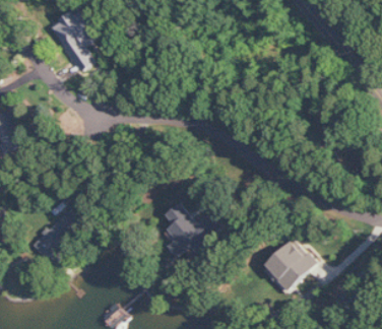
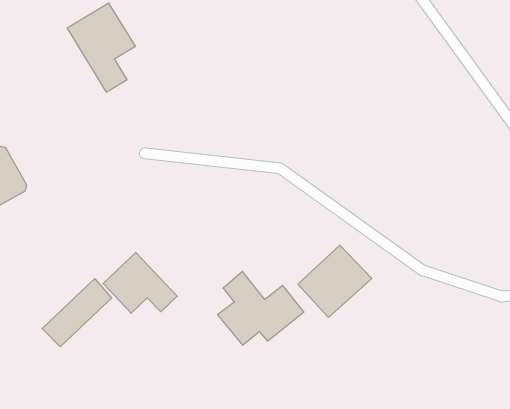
building: none -> [103,252,177,313]
building: [261,238,315,290] -> [298,245,372,317]

